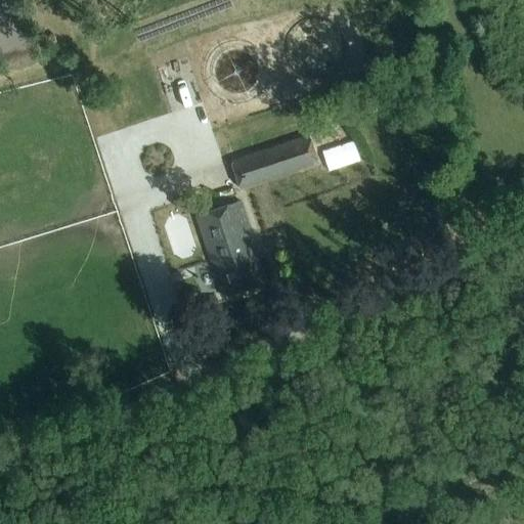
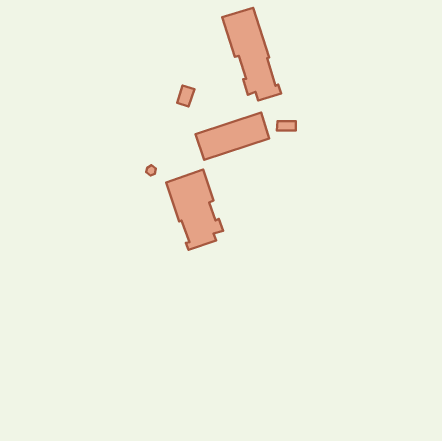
building: none -> [222,8,281,101]

